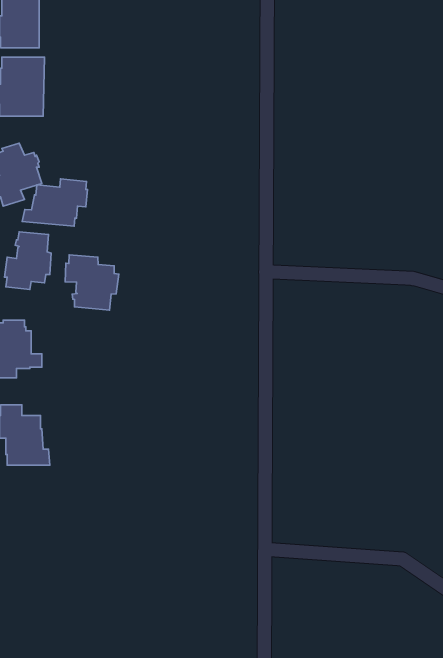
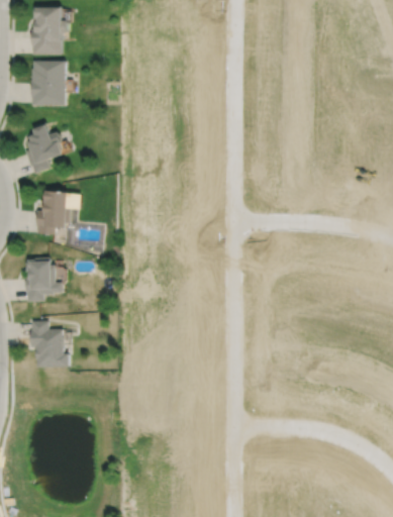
building: [22,179,87,226] -> none
building: [65,255,119,310] -> none

